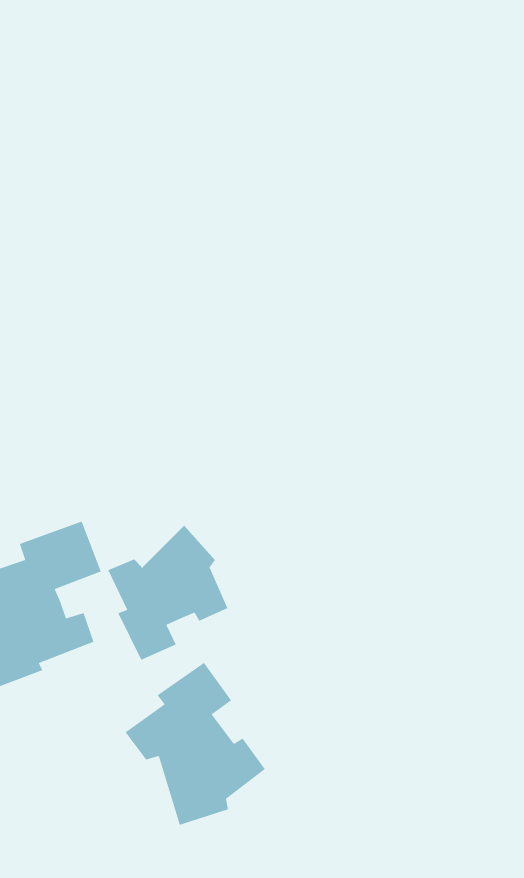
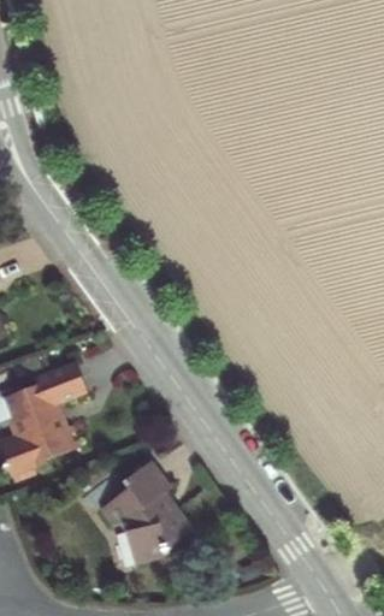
building: [107,525,228,661] -> none

